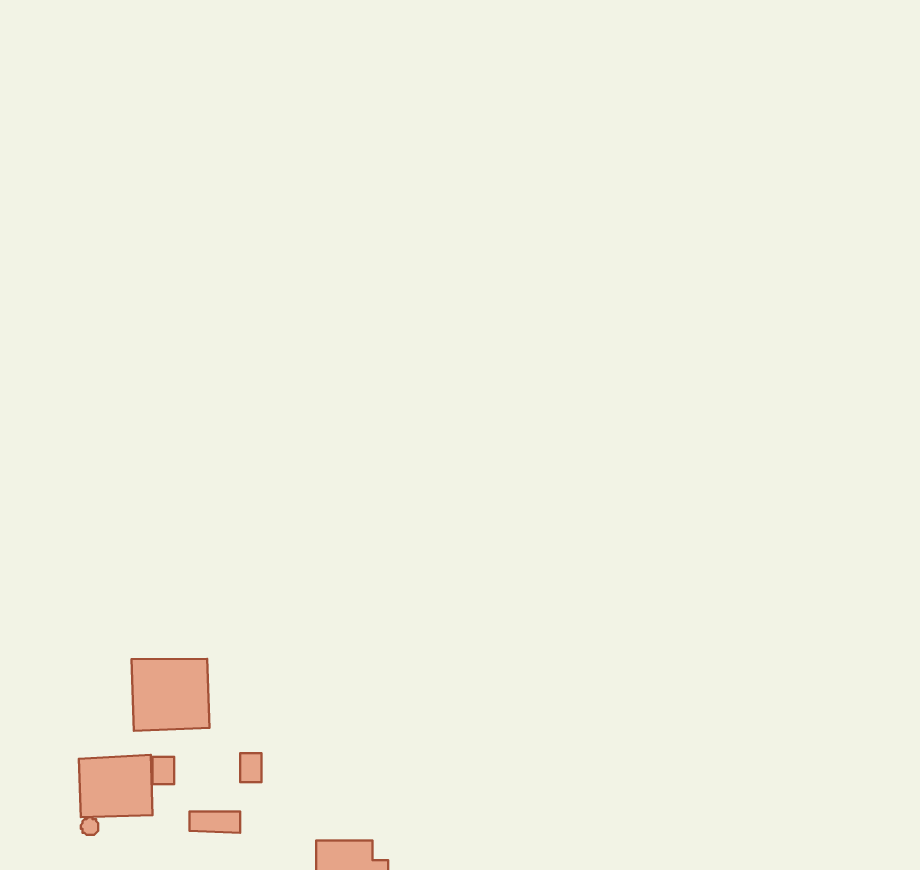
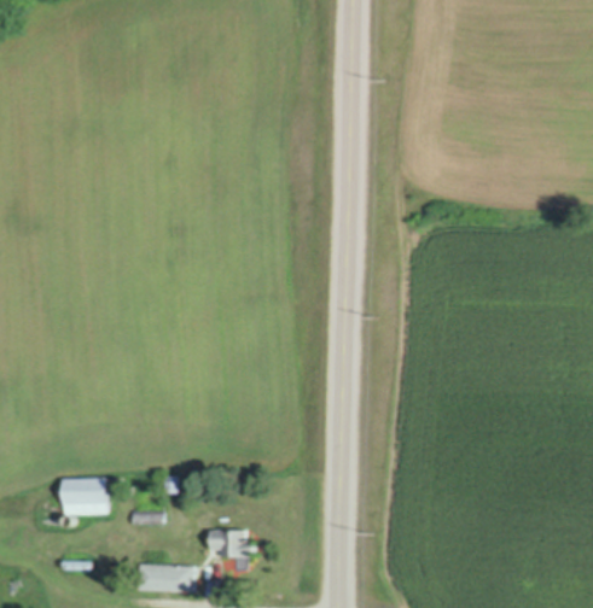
building: [132,659,209,731] -> none

